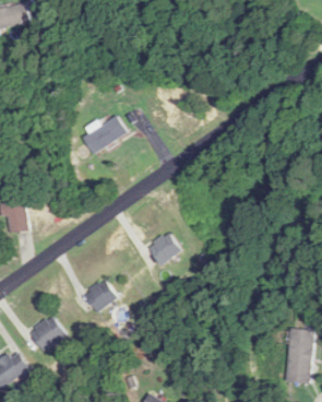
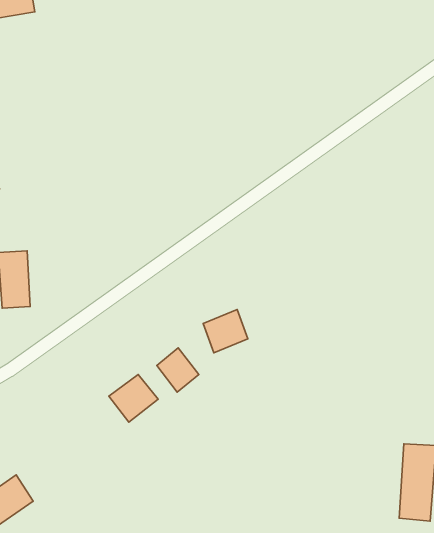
building: [81,115,126,155] -> none
building: none -> [157,348,199,392]
building: [27,318,62,352] -> none

